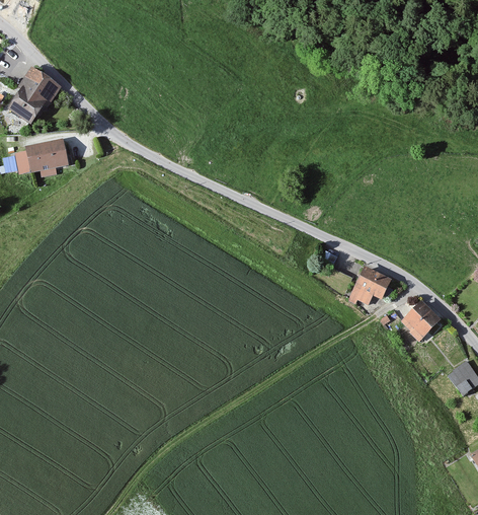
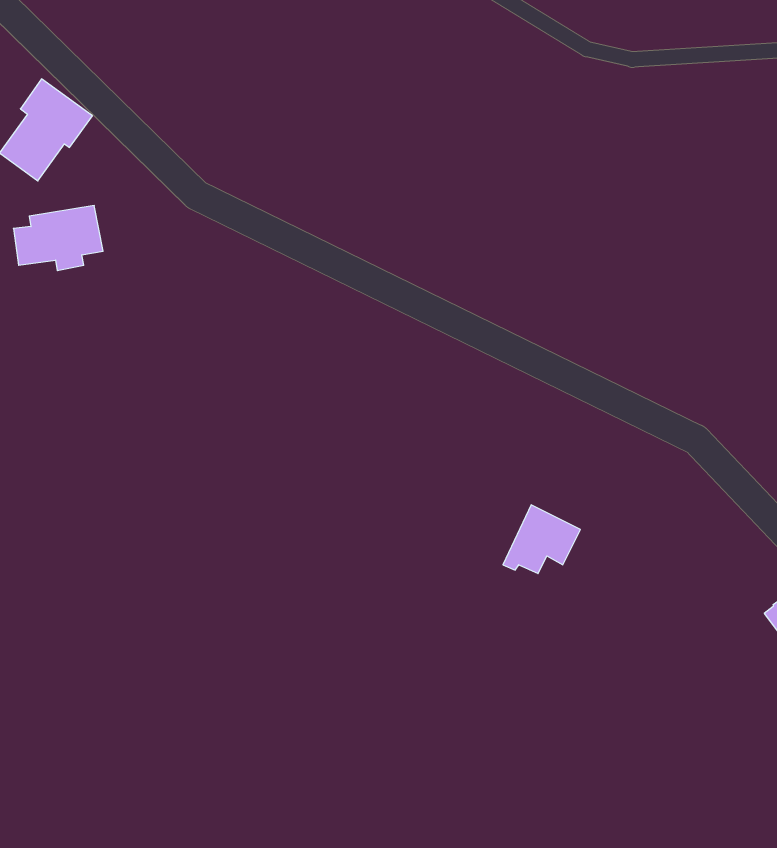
building: [347,265,392,304] -> [503,505,580,574]
building: [401,299,442,341] -> none

